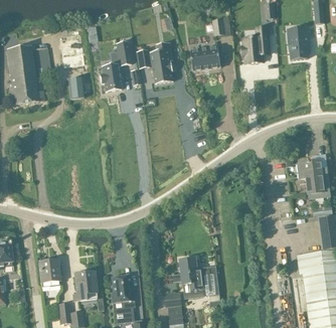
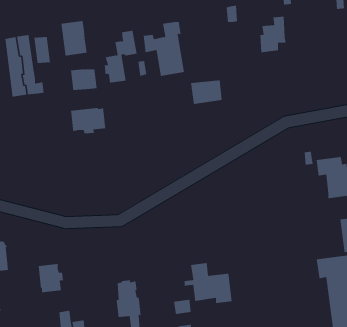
building: [288,26,310,60] -> none
building: [190,47,220,70] -> [190,80,222,105]
building: none -> [71,107,106,134]
building: [73,272,97,301] -> none

